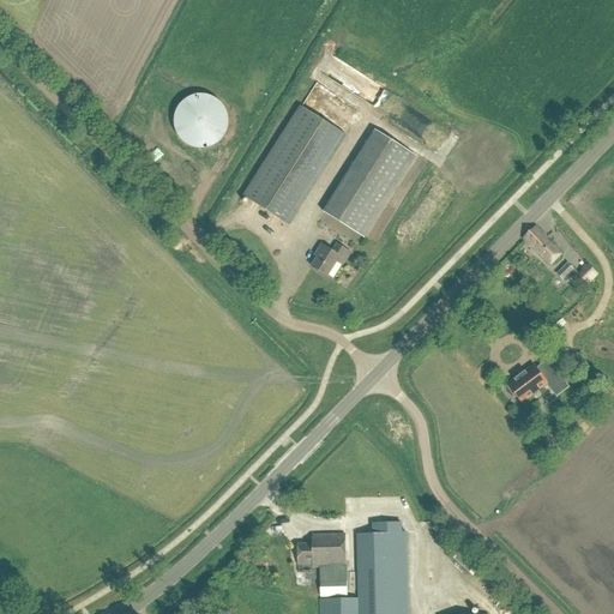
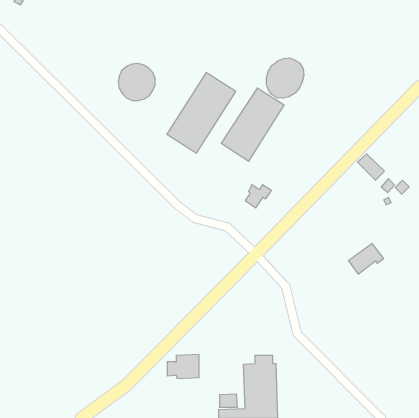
building: none -> [266,58,304,98]
building: [309,242,348,276] -> [245,185,271,208]
building: [299,531,345,566] -> [167,355,199,378]

